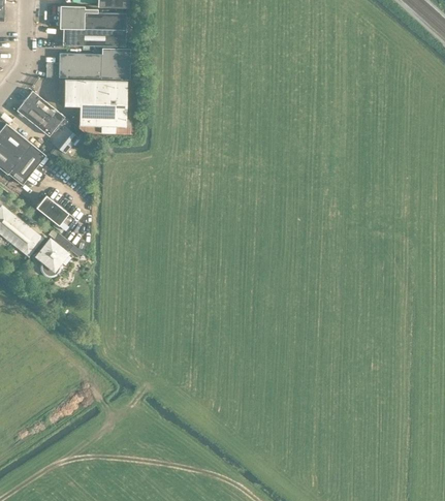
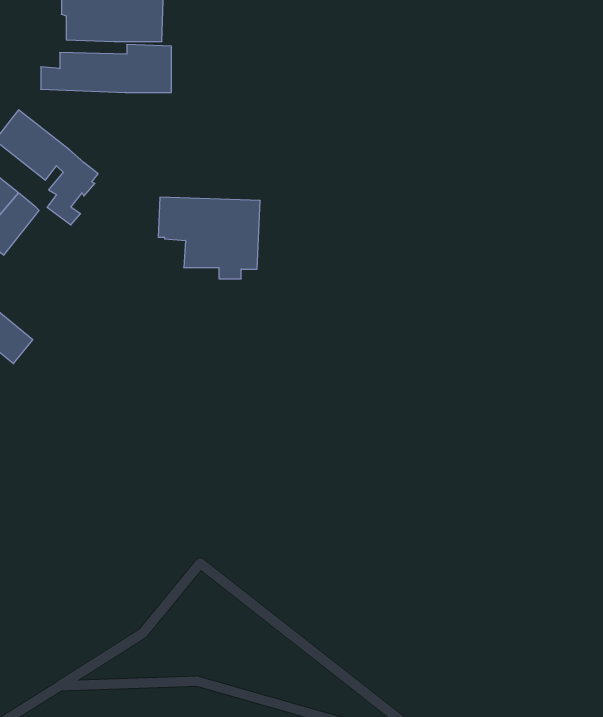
building: [59,77,125,130] -> [158,197,260,279]
building: [34,194,73,229] -> none
building: [35,233,82,275] -> none

